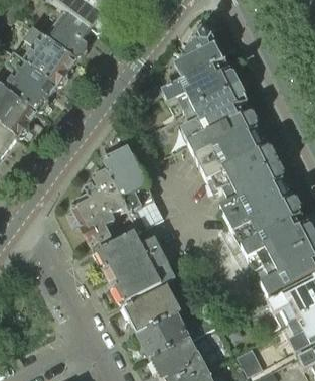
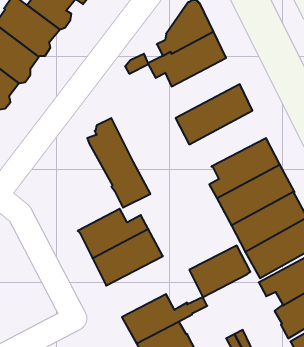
building: [180,86,249,143] -> none
building: [200,136,274,189] -> none
building: [71,167,127,248] -> none
building: [123,284,181,334] -> [189,246,250,297]

